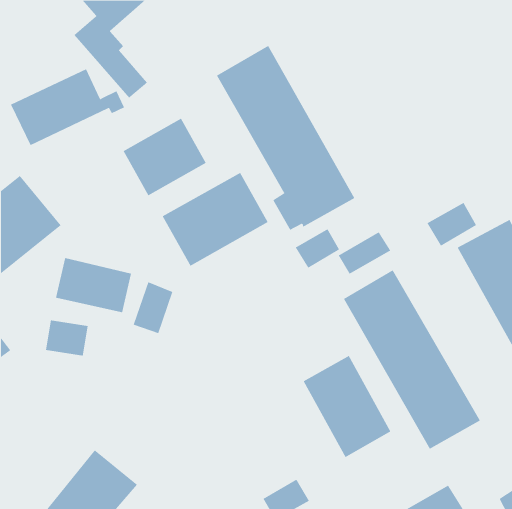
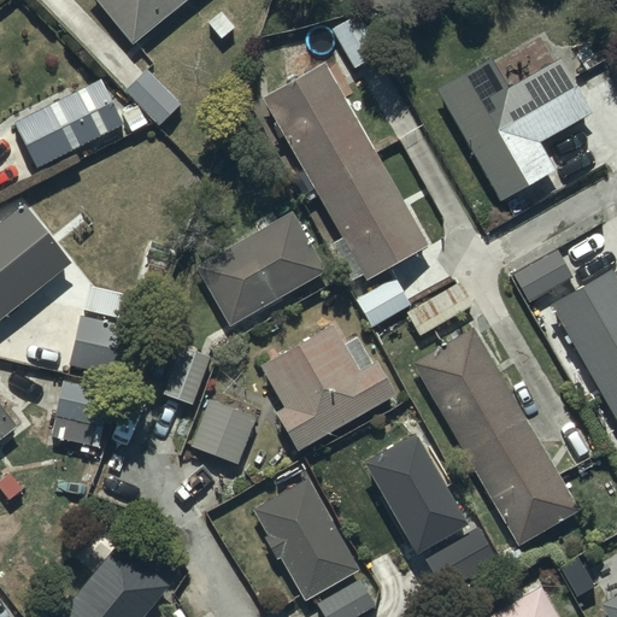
building: none -> [435,57,589,199]
building: [123,118,207,196] -> none
building: none -> [259,322,394,451]
building: none -> [189,399,255,465]
building: none -> [253,478,359,600]
building: none -> [425,529,496,589]

